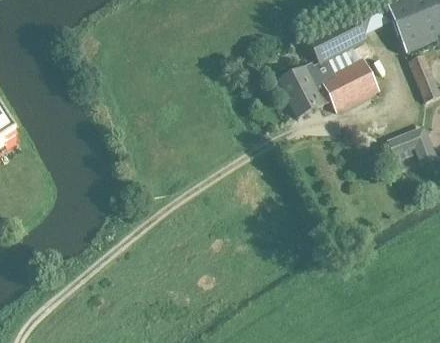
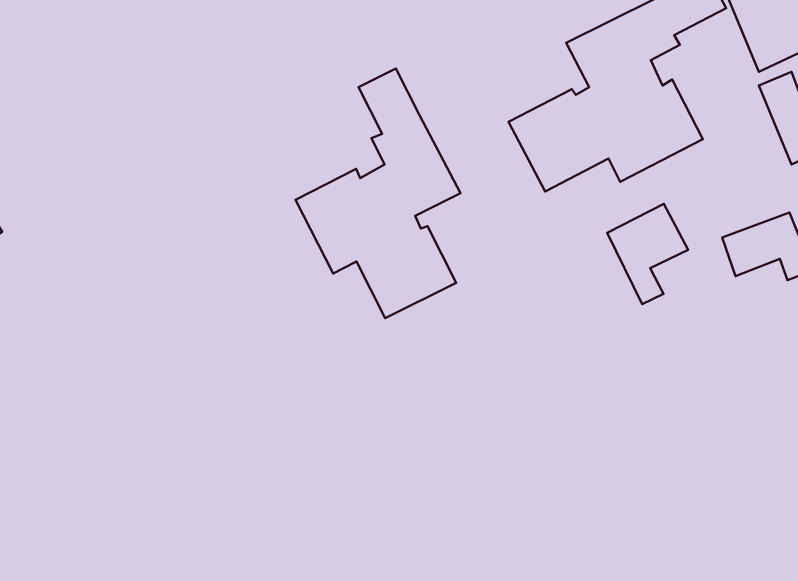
building: none -> [296,68,460,318]
building: none -> [607,204,688,304]

